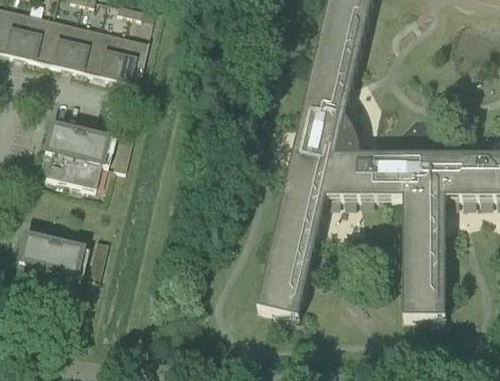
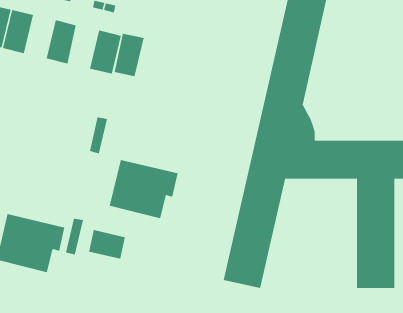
building: [42,18,76,66] -> none
building: [90,29,123,77] -> [114,33,144,77]
building: [37,124,113,189] -> [109,159,178,219]
building: none -> [88,229,126,260]

